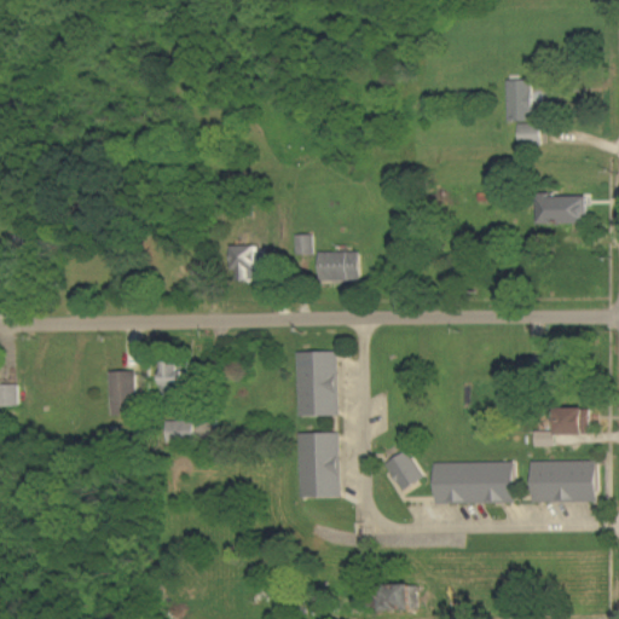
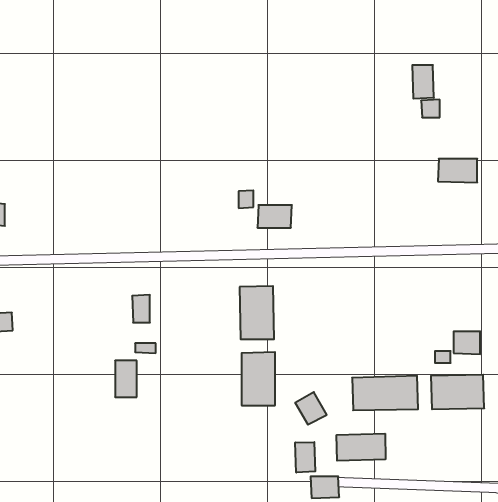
building: [228,245,254,279] -> none
building: [108,371,134,416] -> [115,361,137,397]
building: [383,450,422,490] -> [295,392,327,425]
building: none -> [337,434,385,461]
building: none -> [295,442,315,473]

